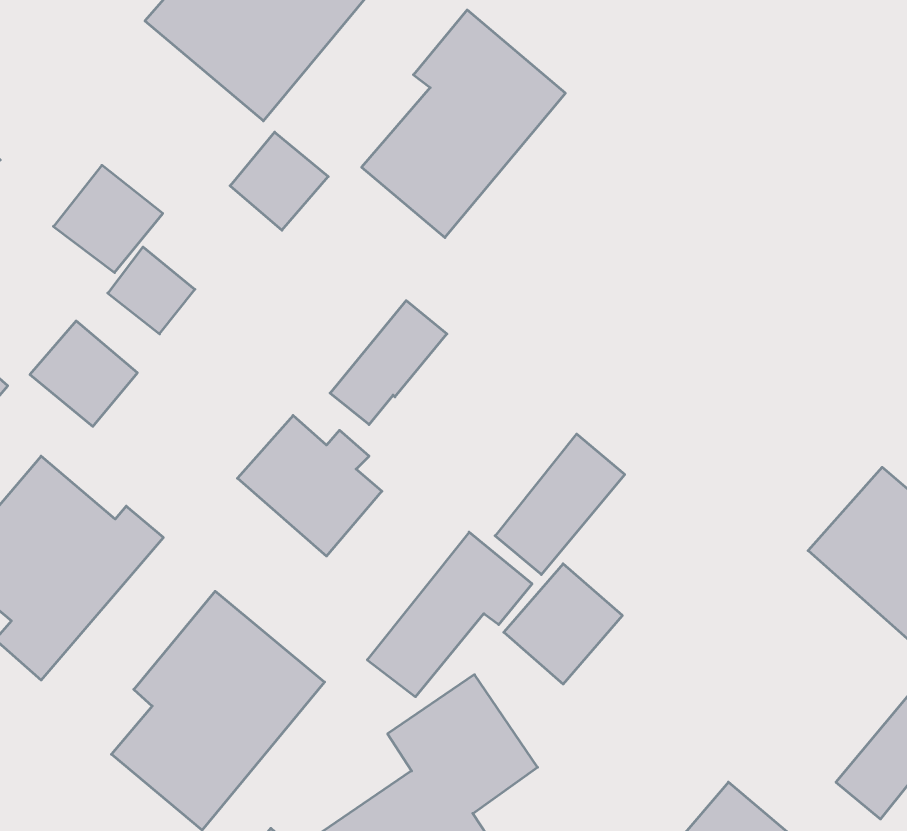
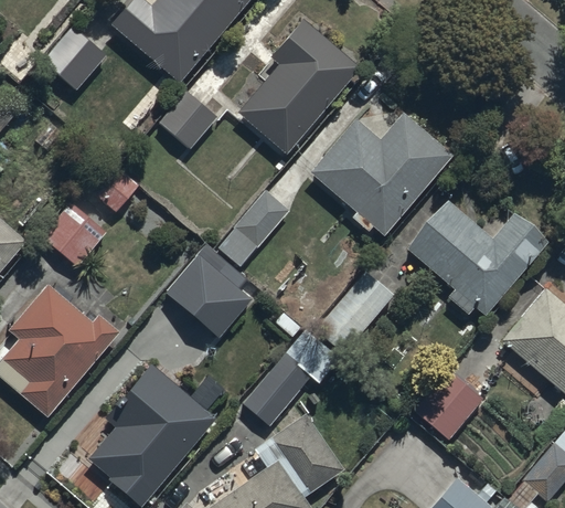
building: [53,165,163,273] -> [42,25,107,89]
building: none -> [311,114,454,234]
building: none -> [405,199,547,317]
building: [504,564,622,684] -> [413,369,483,441]

